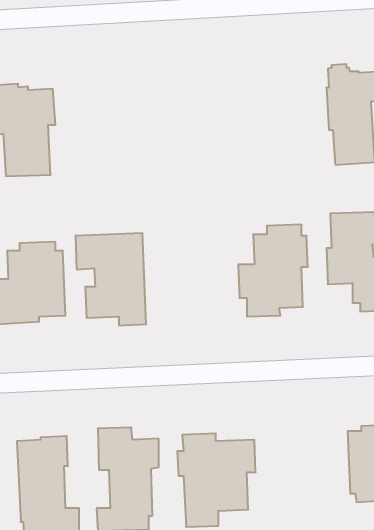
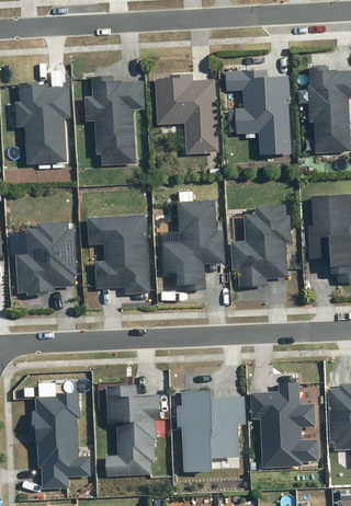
building: none -> [226,70,291,156]
building: none -> [155,74,219,154]
building: none -> [86,76,145,165]
building: none -> [162,199,225,290]
building: none -> [250,381,318,468]

